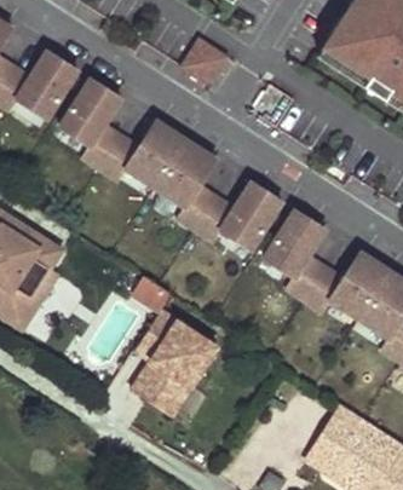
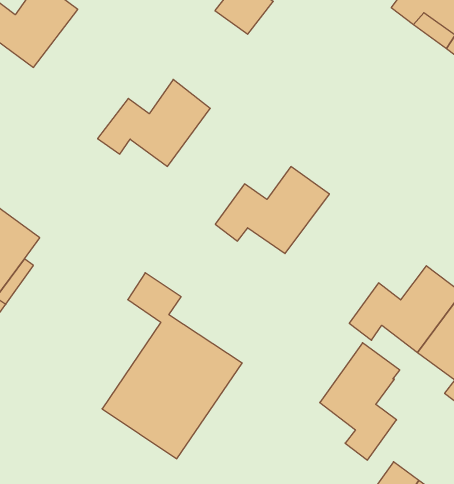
building: [58,77,120,169] -> none
building: [154,140,214,230] -> none
building: [263,209,323,300] -> [320,343,400,460]

